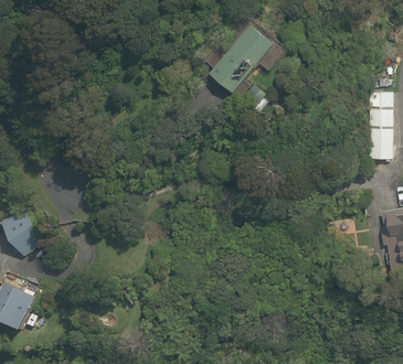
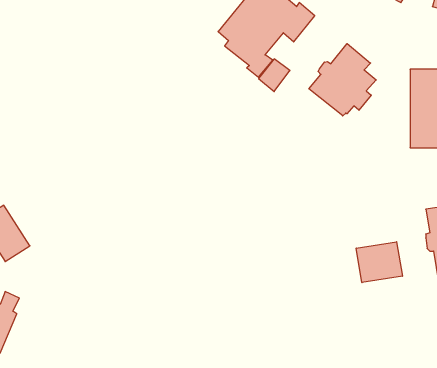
building: none -> [309,44,376,116]
building: none -> [356,242,402,283]

